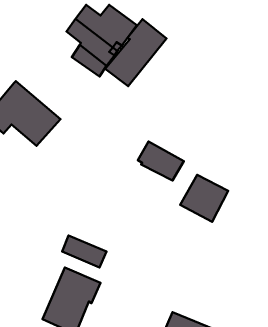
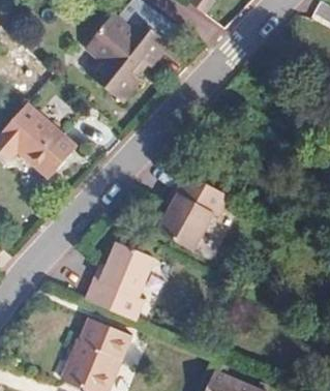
building: [105,19,166,86] -> none
building: [180,175,228,222] -> [156,199,212,253]
building: none -> [91,242,152,300]

